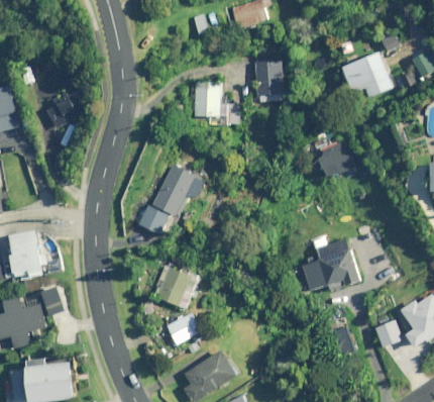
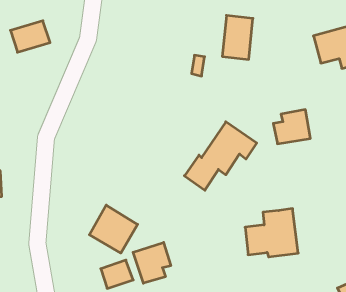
building: [195,82,221,116] -> none
building: [139,165,205,234] -> [184,122,257,190]
building: none -> [133,242,171,283]

